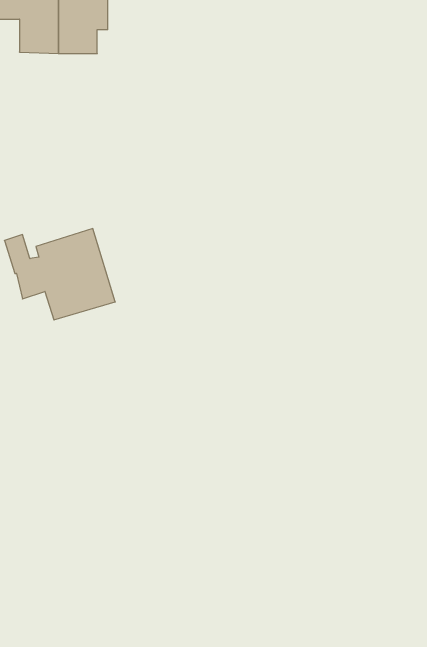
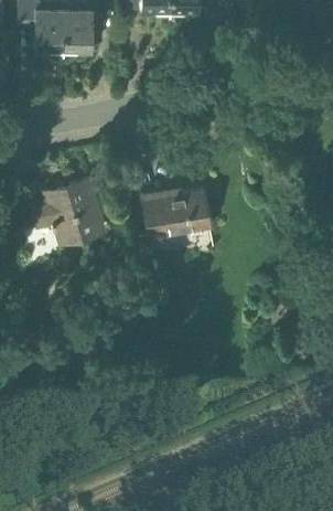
building: none -> [130,192,208,265]

